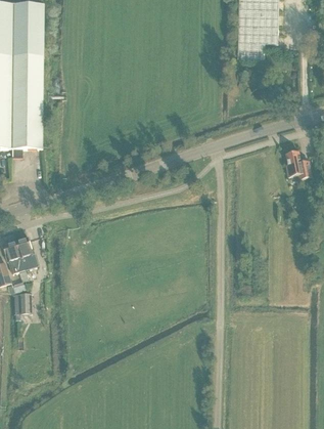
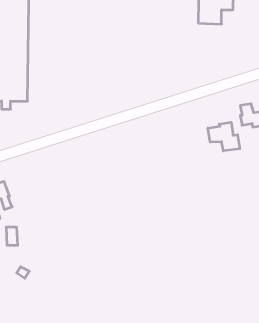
building: none -> [208,122,240,151]
building: [15,235,38,268] -> none

